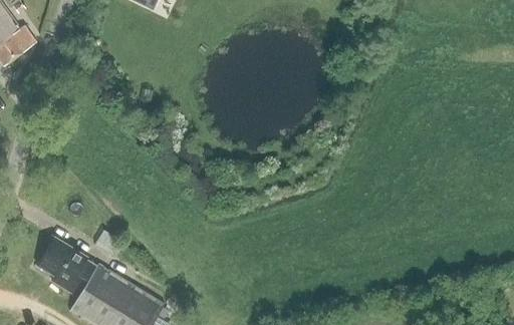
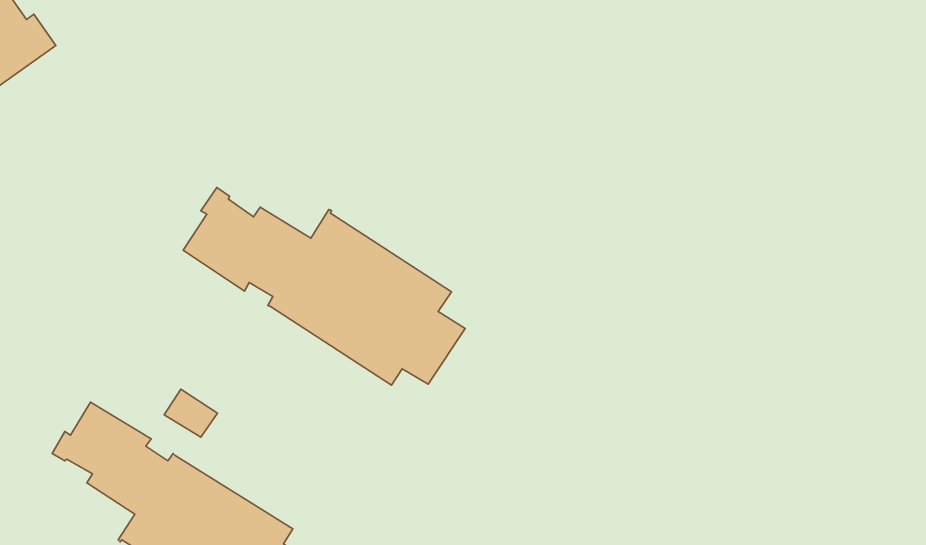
building: none -> [183,187,465,385]

